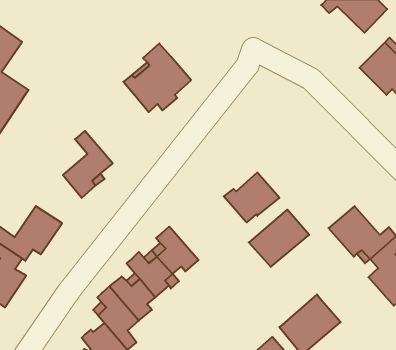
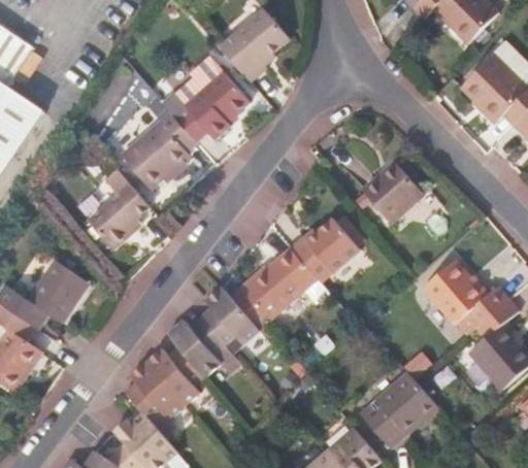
building: none -> [220,9,289,81]
building: none -> [122,103,196,188]
building: none -> [363,162,424,222]
building: [249,210,309,267] -> [242,248,319,321]

